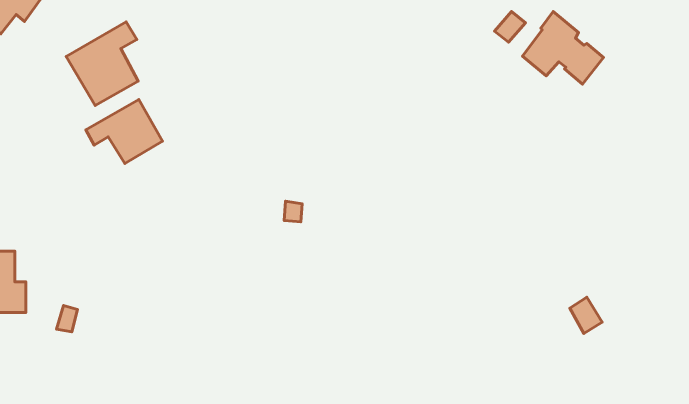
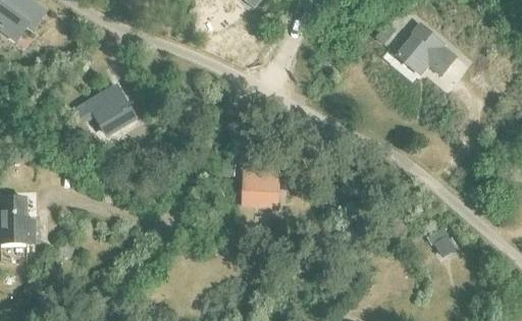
building: [66,22,138,105] -> none
building: none -> [242,169,280,207]

